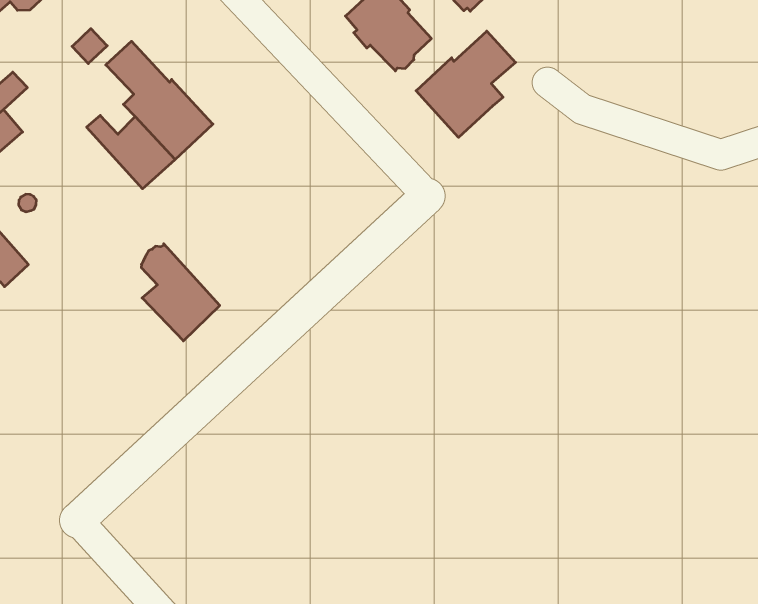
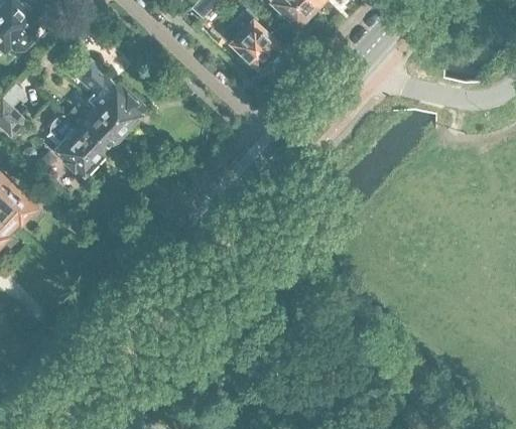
building: [416,31,516,137] -> none
building: [141,244,220,341] -> [52,117,104,177]

